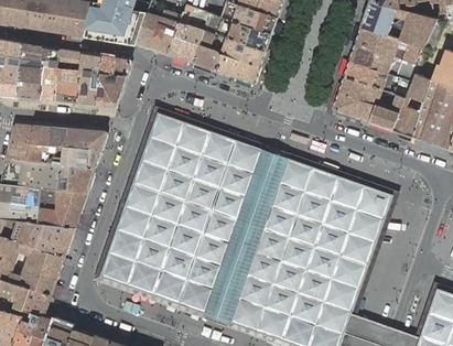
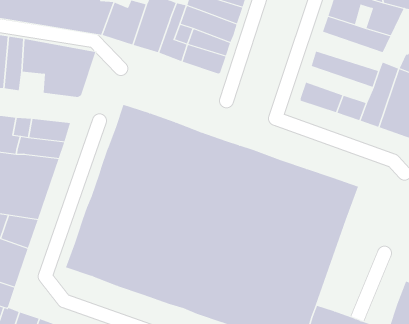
building: [348,42,418,80] -> none
building: [338,76,406,112] -> none
building: [55,82,79,102] -> none

